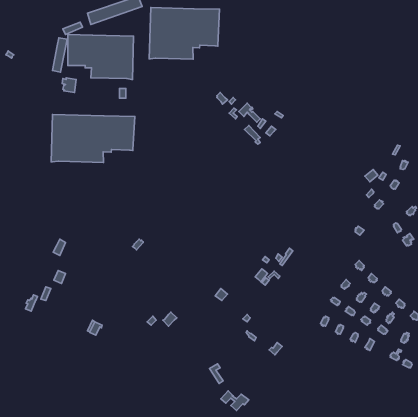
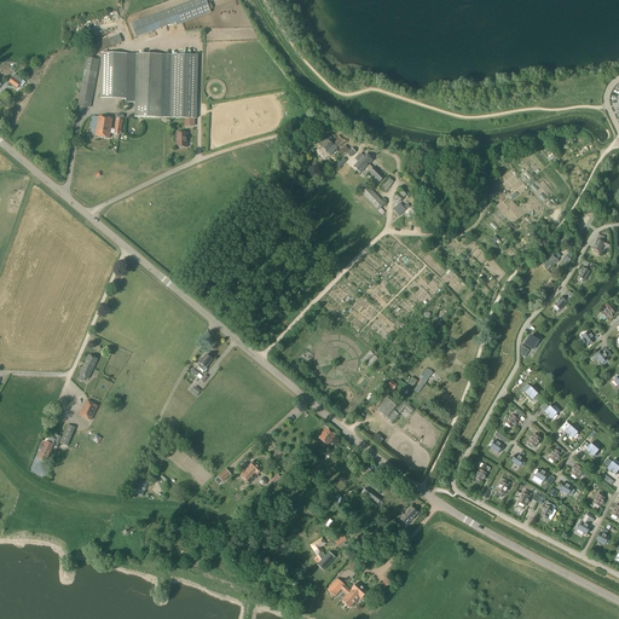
building: [149,7,220,59] -> none
building: [51,114,135,162] -> none

